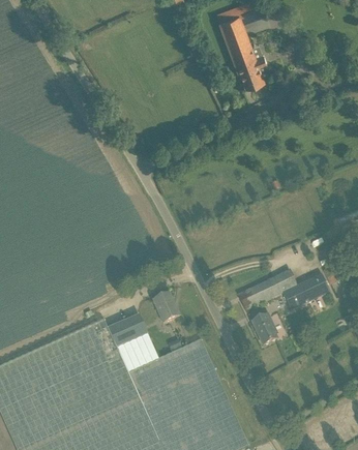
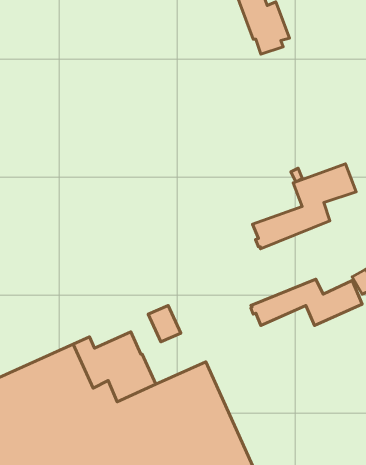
building: none -> [253,164,356,249]
building: [250,314,276,346] -> none

